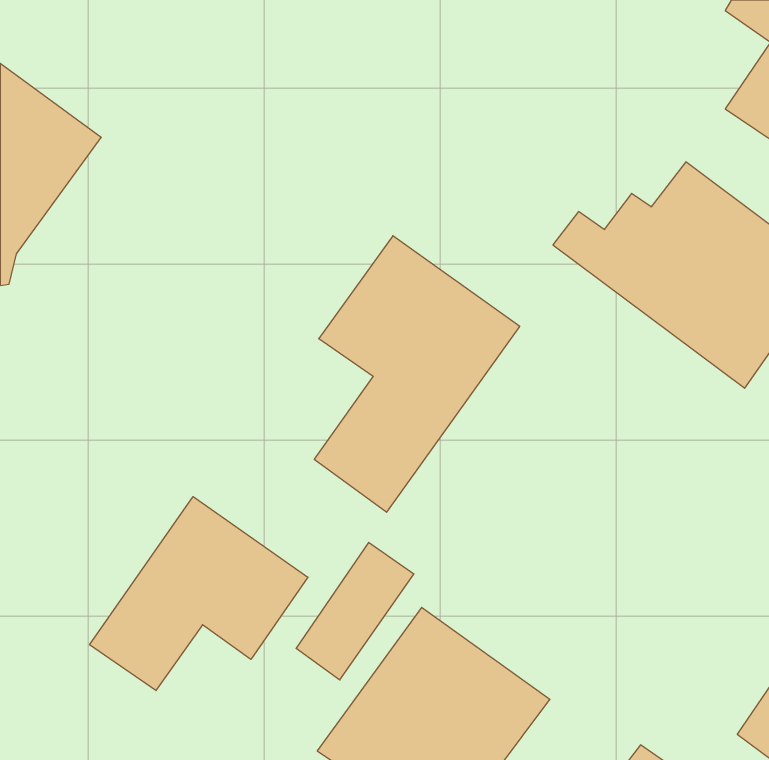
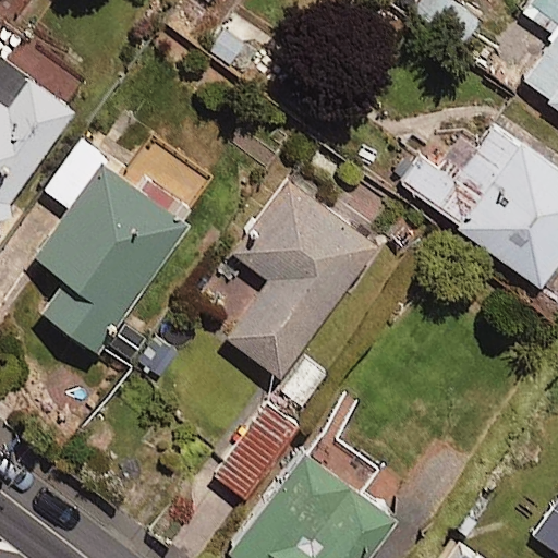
building: none -> [37,144,205,352]
building: [90,497,308,691] -> none

